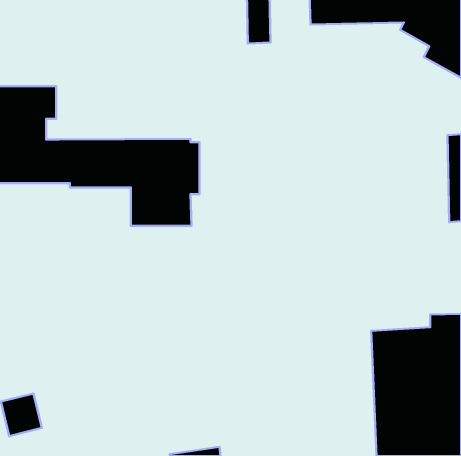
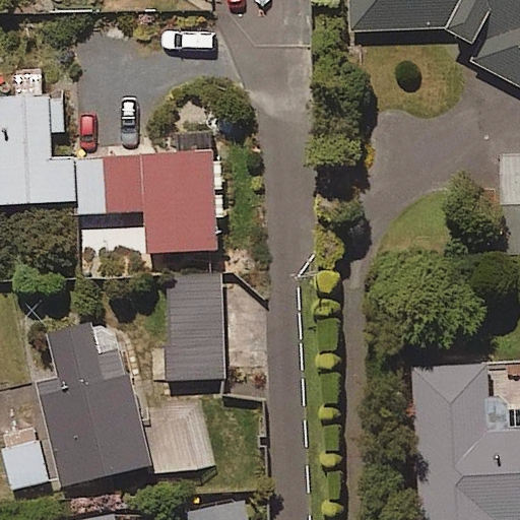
building: none -> [151,280,222,377]
building: none -> [40,322,211,489]

